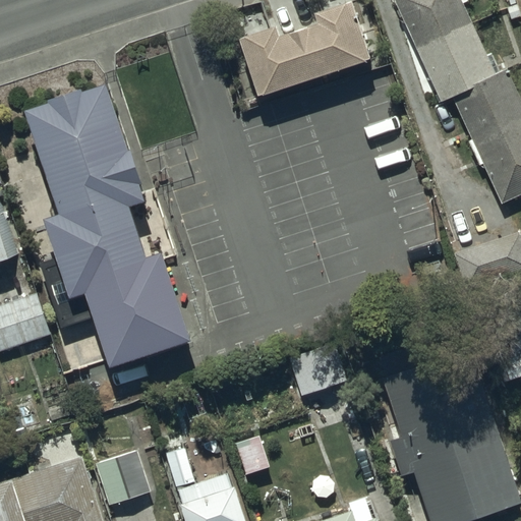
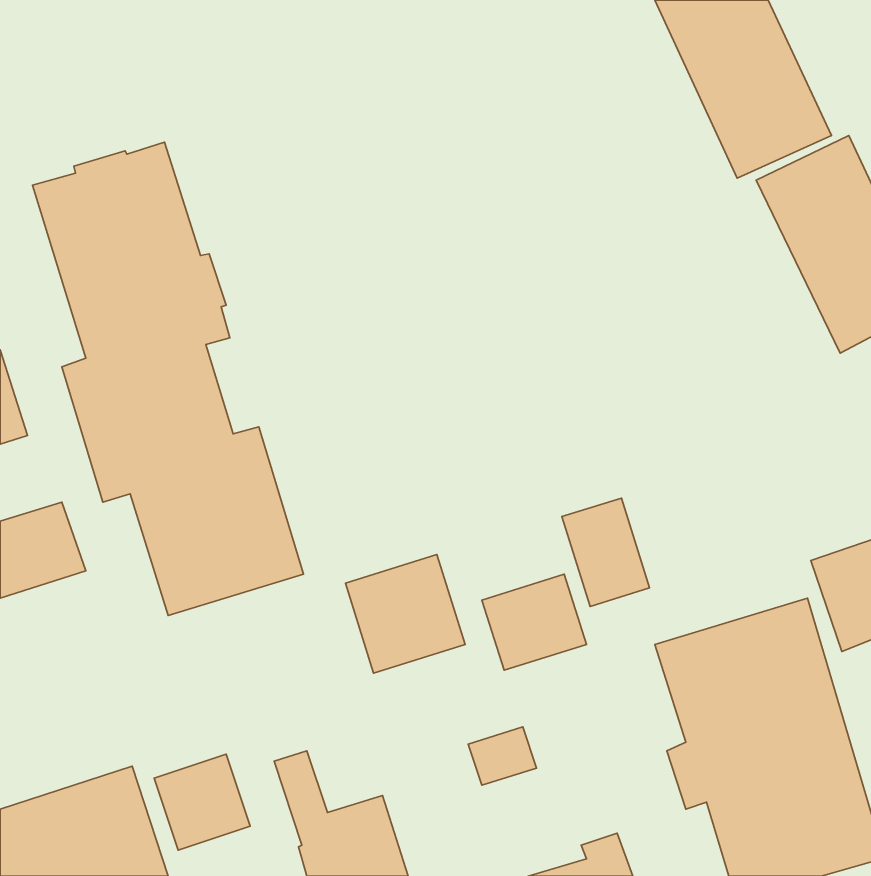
building: [243,6,375,104] -> none
building: none -> [562,498,649,606]
building: none -> [345,554,465,673]

